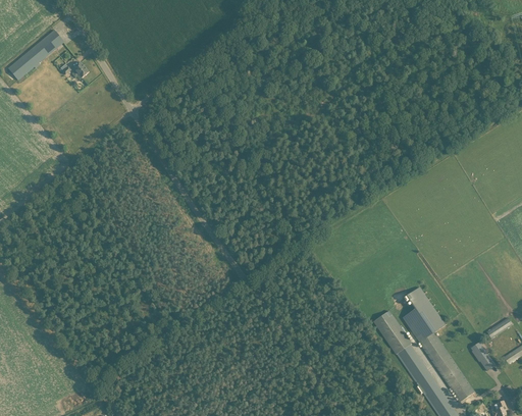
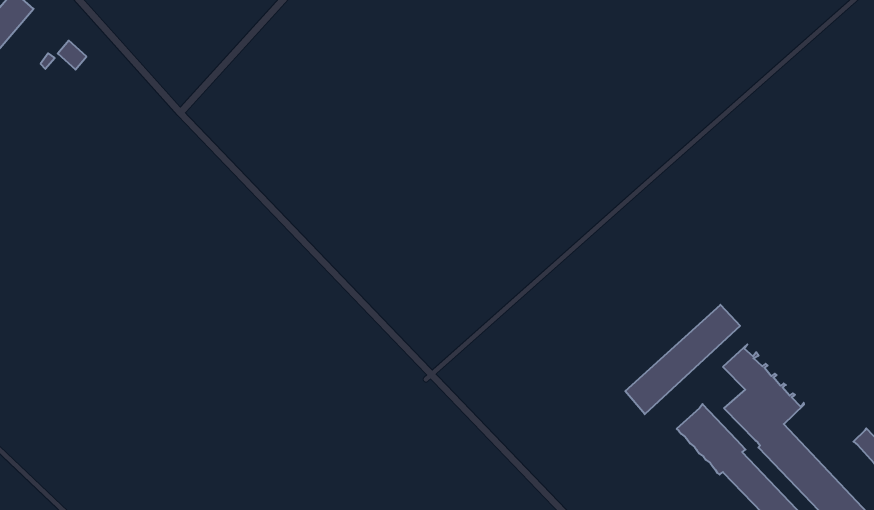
building: none -> [625,305,740,414]

